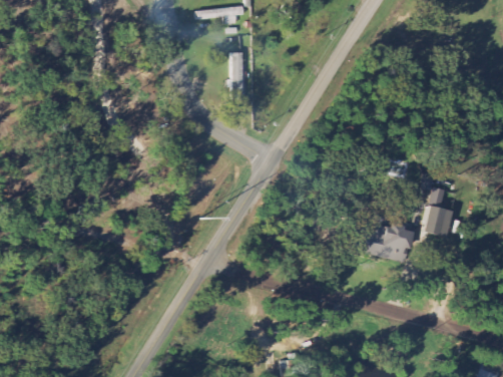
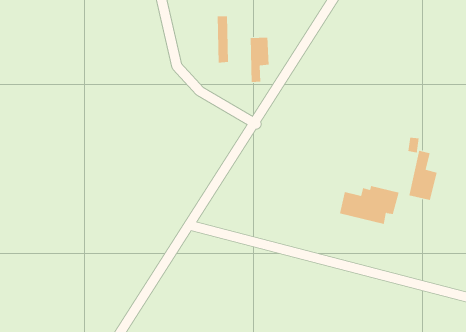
building: none -> [250,37,269,83]

